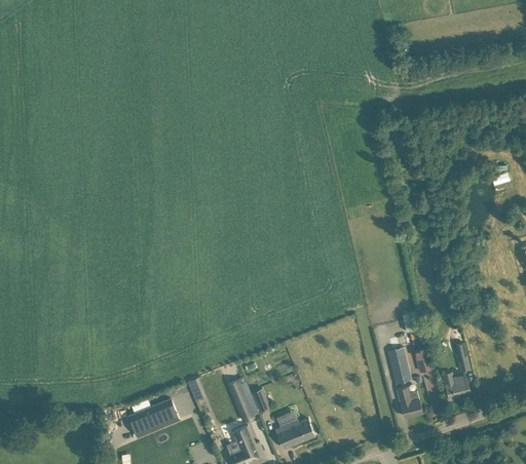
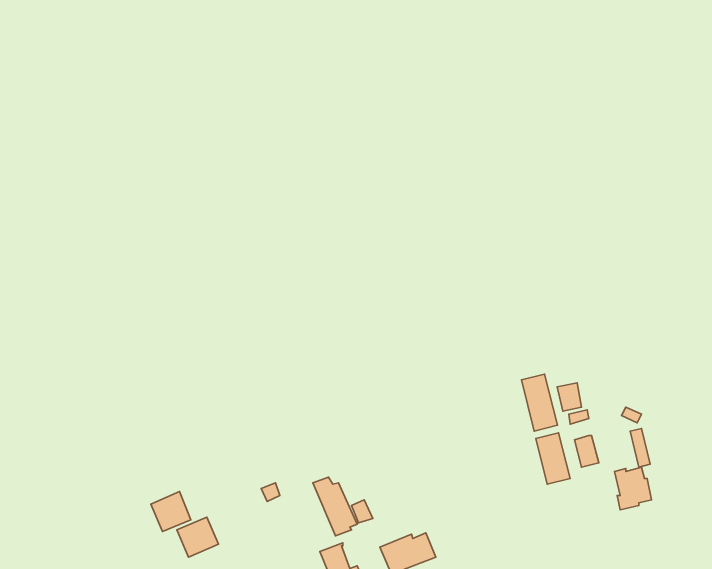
building: none -> [521,374,557,431]
building: [397,386,422,417] -> none
building: [150,397,179,426] -> [151,491,191,531]

